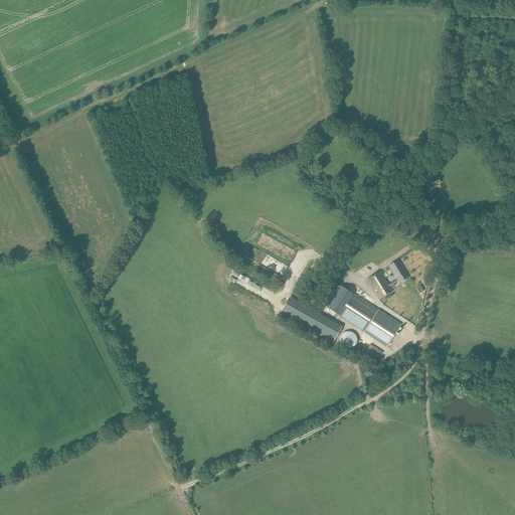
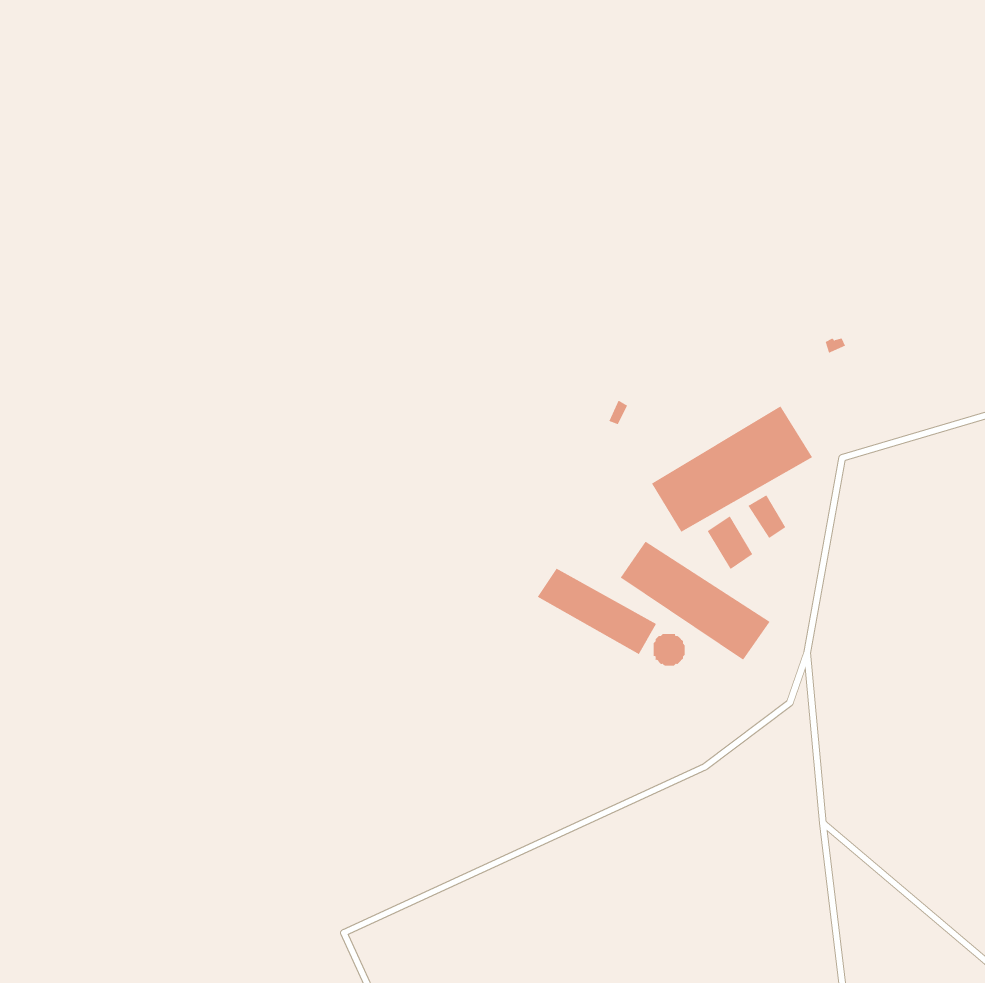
building: none -> [651,406,813,532]

